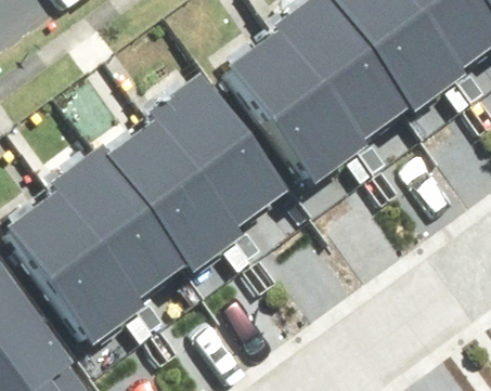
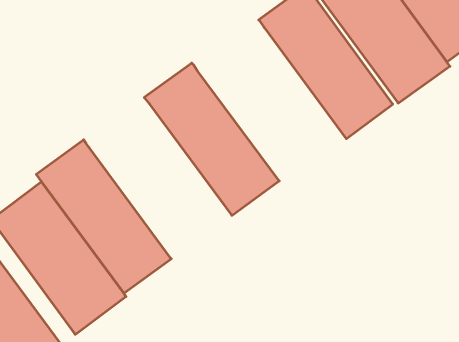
building: [223,37,359,190] -> none
building: [108,114,245,266] -> none

